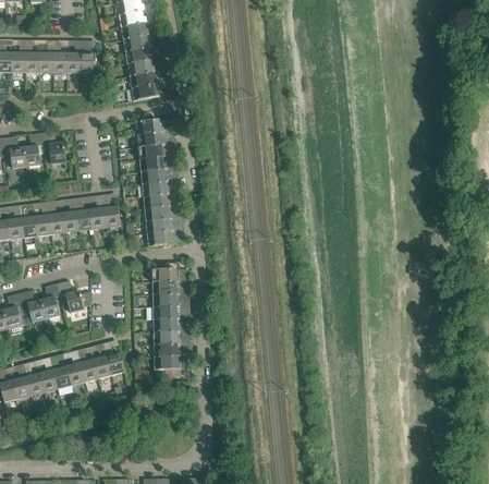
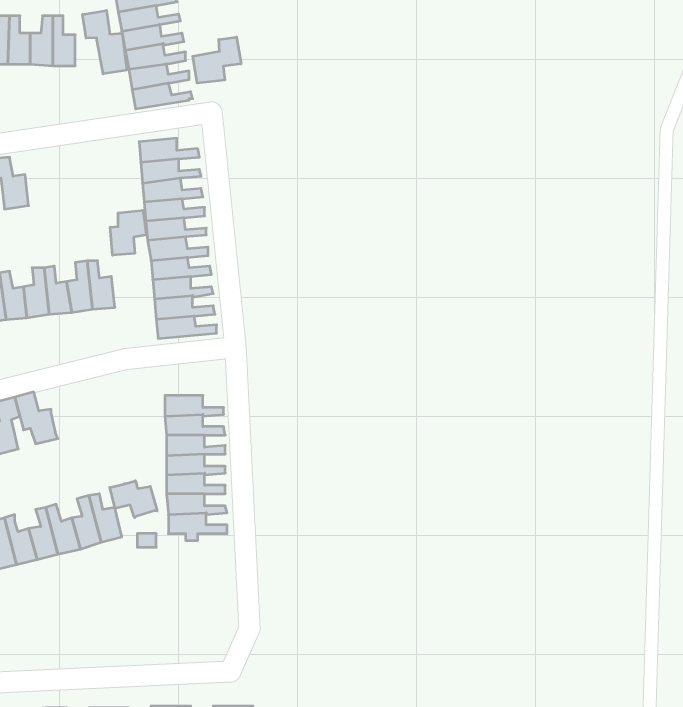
building: none -> [83,10,127,74]
building: none -> [193,37,241,83]
building: none -> [110,210,147,255]
building: [152,262,190,281] -> none
building: none -> [110,481,157,518]

